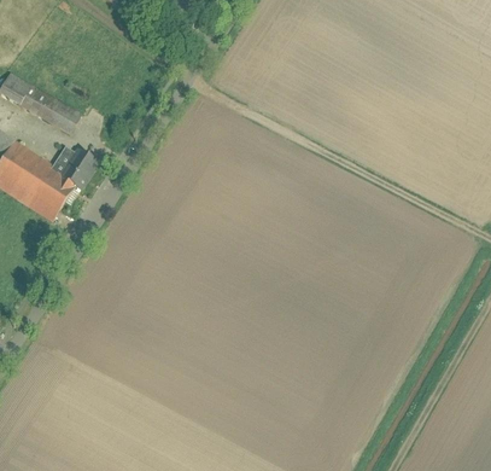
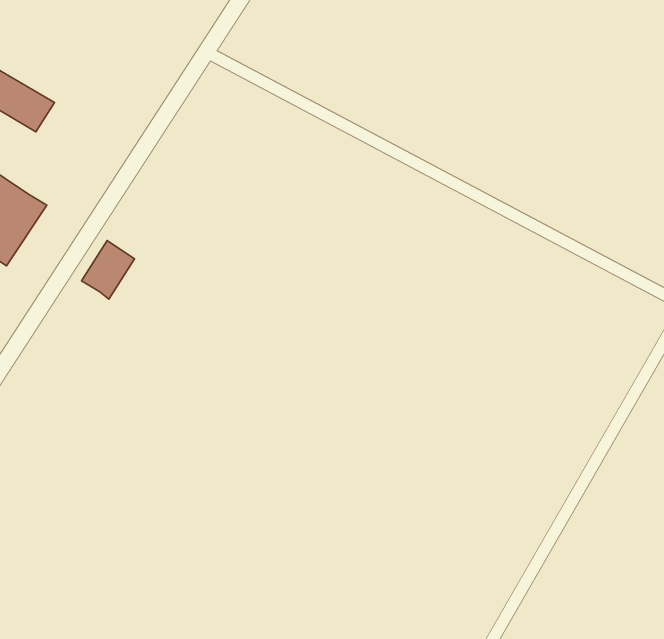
building: [63,146,98,185] -> [81,240,135,299]

